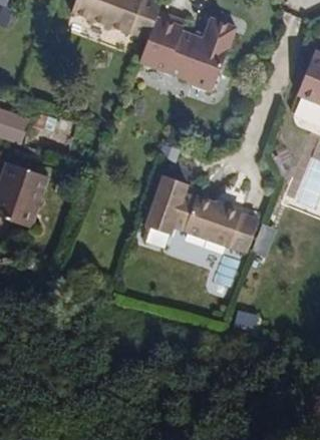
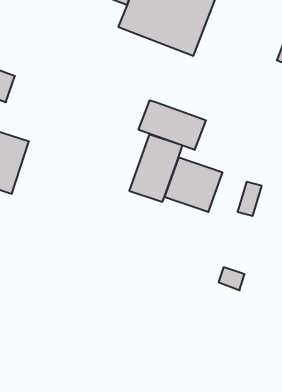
building: none -> [139,100,206,150]
building: [226,211,260,256] -> none

